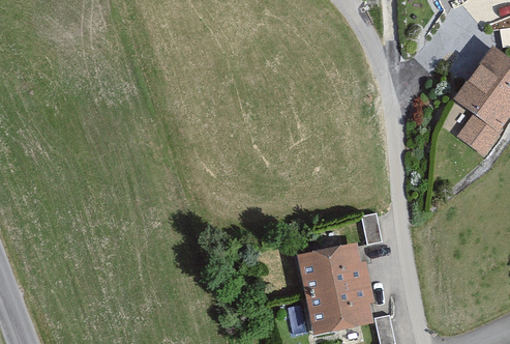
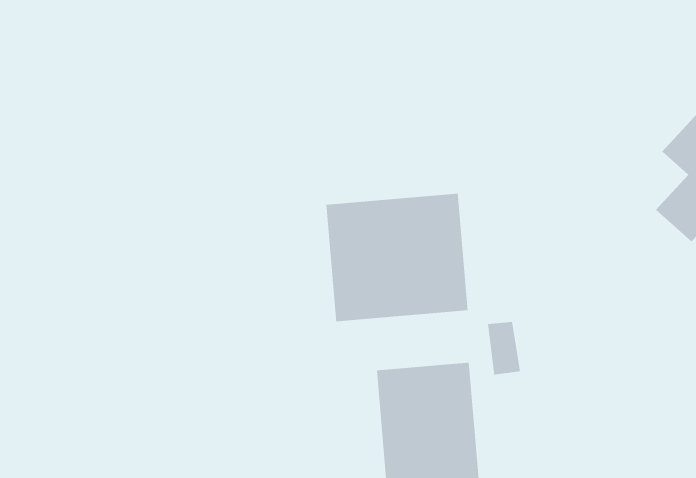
building: none -> [326,193,468,322]

